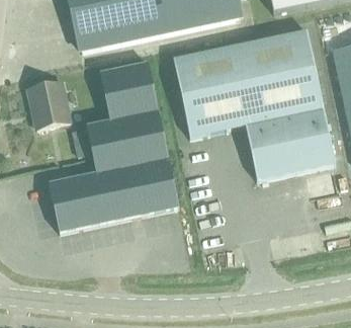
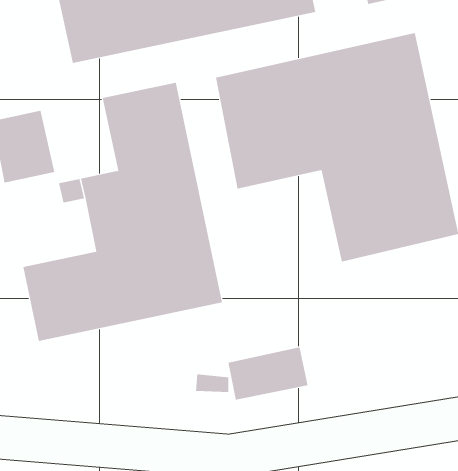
building: none -> [228,346,308,400]

